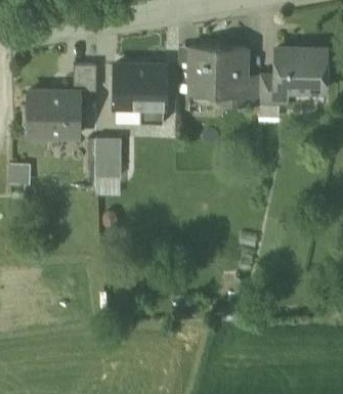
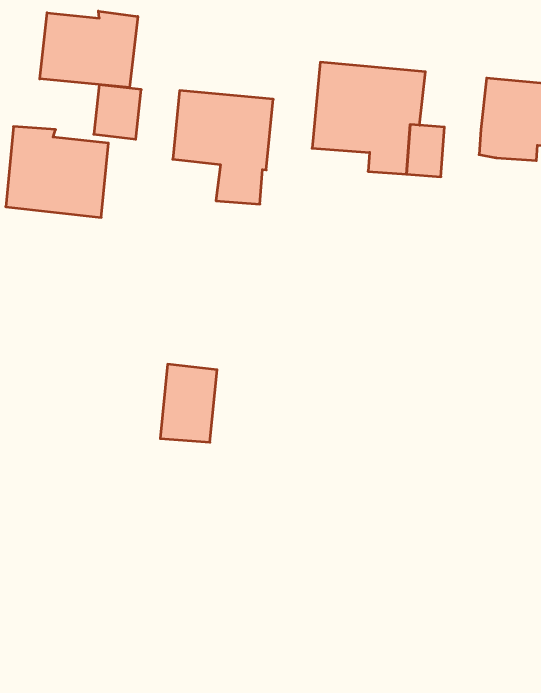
building: none -> [40,11,138,88]
building: [258,75,287,105] -> none
building: [93,138,121,178] -> [160,364,217,442]

